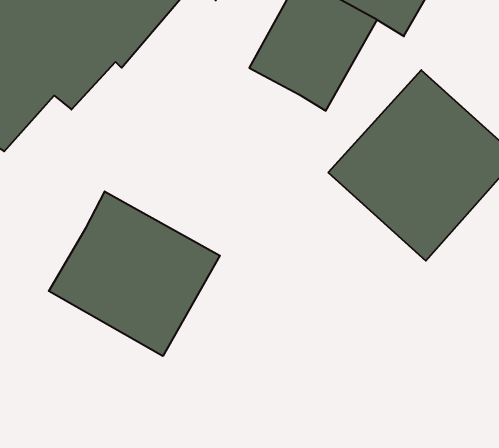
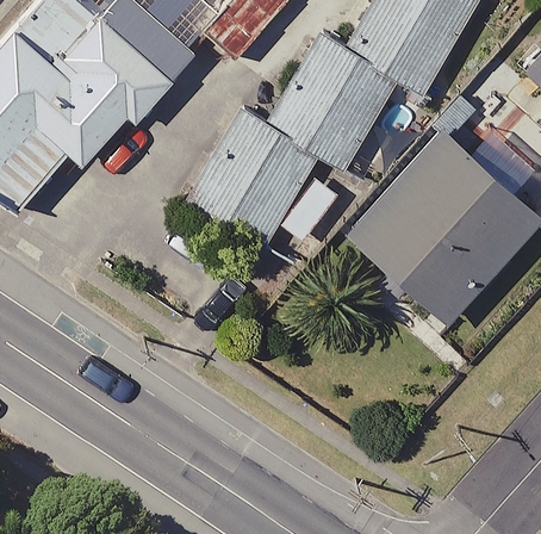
building: none -> [178,107,319,254]
building: [49,191,220,356] -> none

